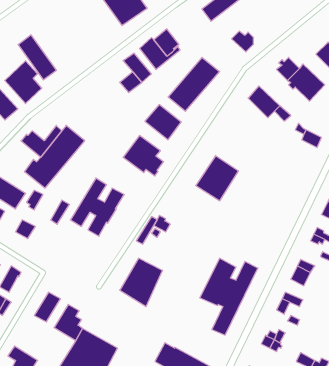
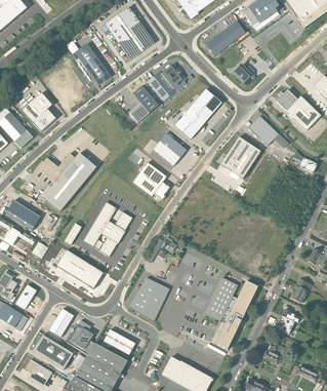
building: [18,35,56,80] -> [75,42,111,84]
building: [196,156,238,201] -> [220,135,260,178]
building: none -> [56,248,104,288]
building: none -> [103,328,135,354]
building: none -> [33,334,74,368]

